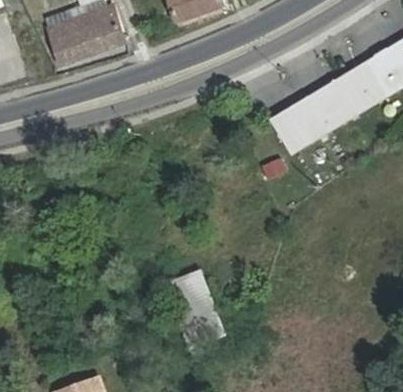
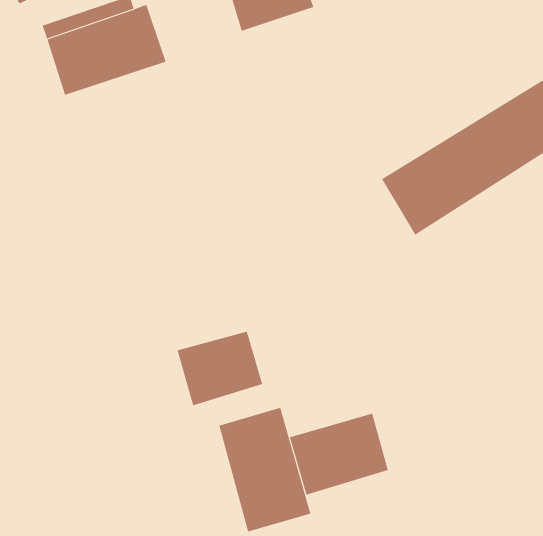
building: none -> [177,331,263,406]
building: none -> [289,413,389,495]

